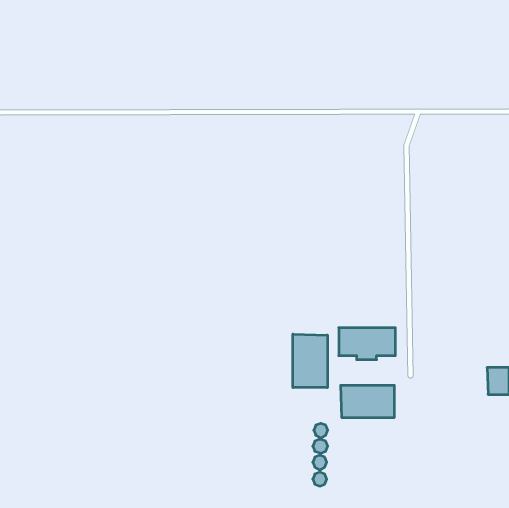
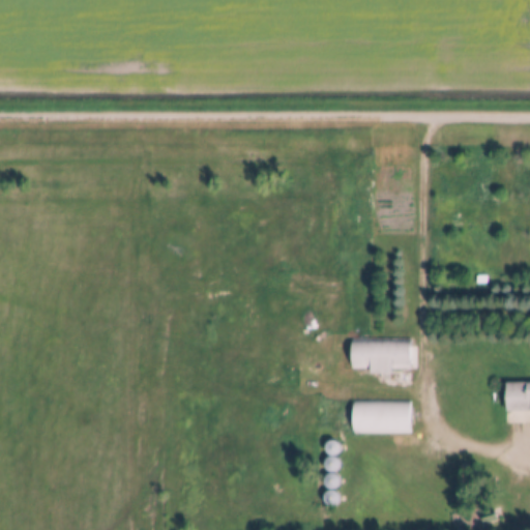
building: [293,334,327,388] -> none

